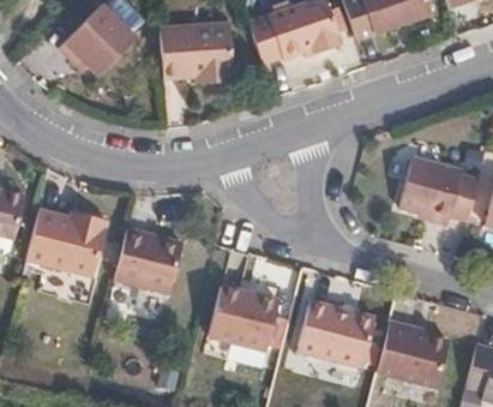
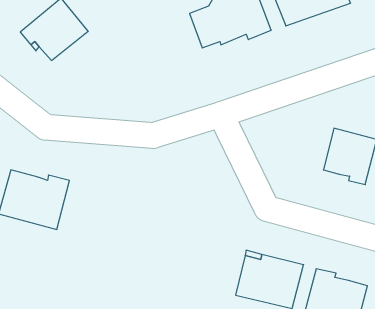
building: [158,26,232,86] -> none
building: [115,227,182,292] -> none
building: [210,285,281,349] -> none

